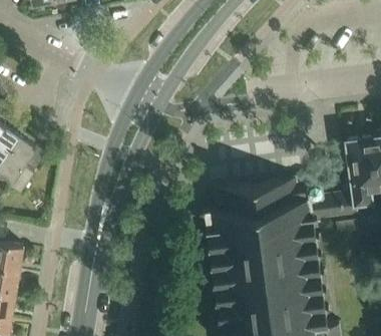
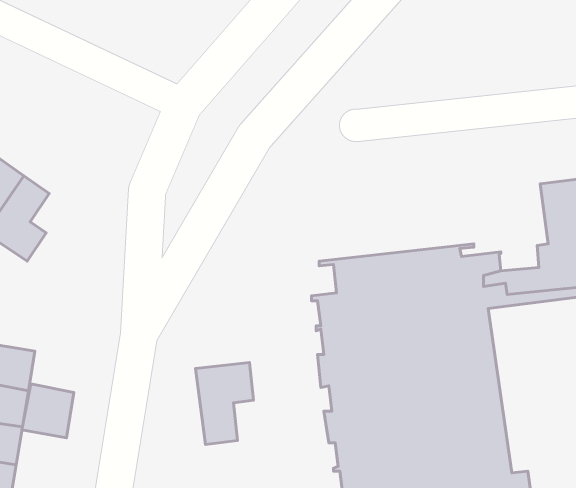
building: none -> [195,362,254,444]
building: none -> [22,384,74,438]

